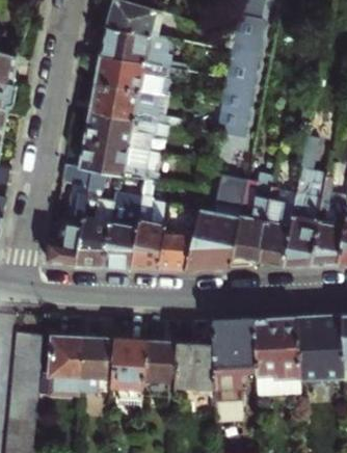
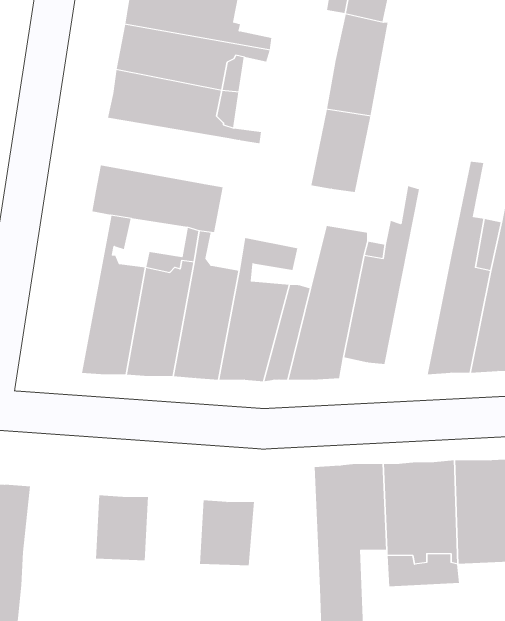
building: [85,113,162,153] -> none
building: [256,156,295,267] -> none
building: [47,166,91,266] -> none
building: [38,337,84,396] -> none
building: [112,340,146,388] -> none
building: [175,343,216,395] -> none

